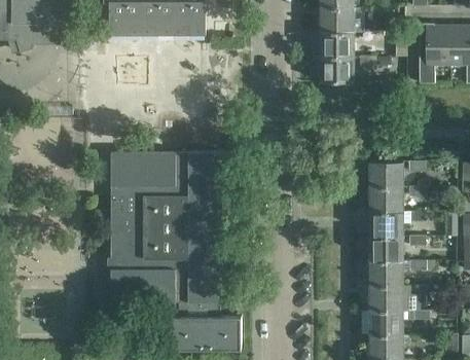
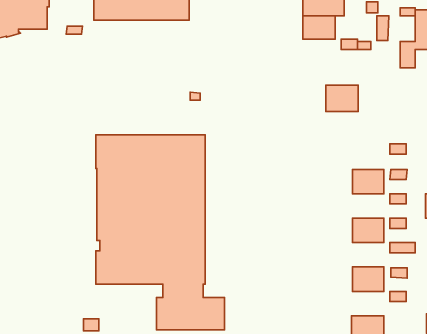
building: [320,55,353,81] -> [326,85,358,112]
building: [370,160,402,186] -> none
building: [370,211,402,236] -> none
building: [370,260,402,285] -> none
building: [369,310,402,334] -> none

